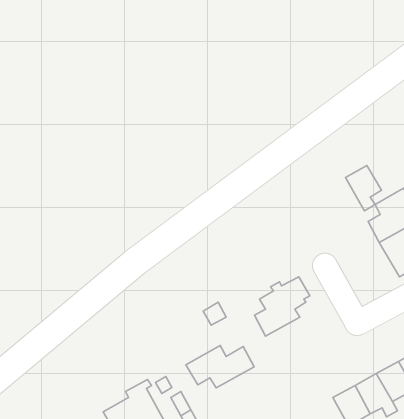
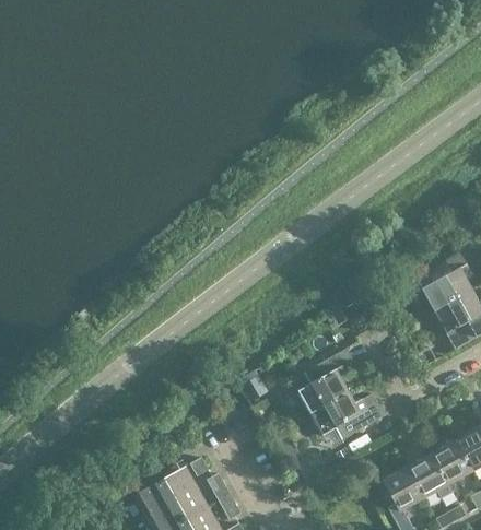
building: [346,166,382,211] -> none
building: [186,346,254,388] -> [310,393,385,439]

